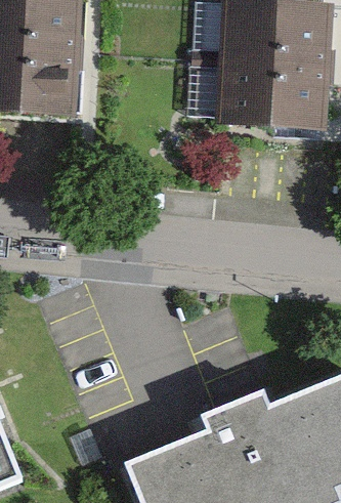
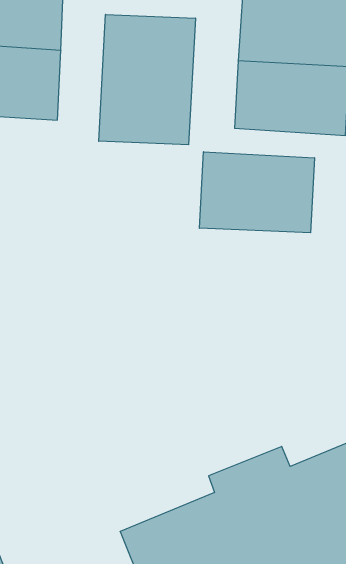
building: none -> [99,14,195,145]
building: none -> [199,152,314,233]

